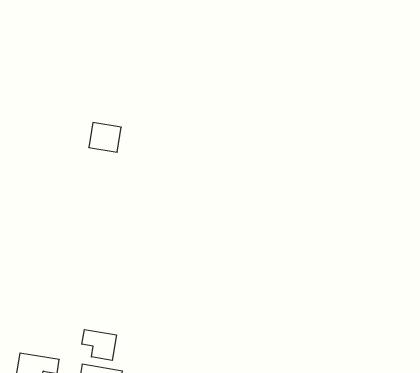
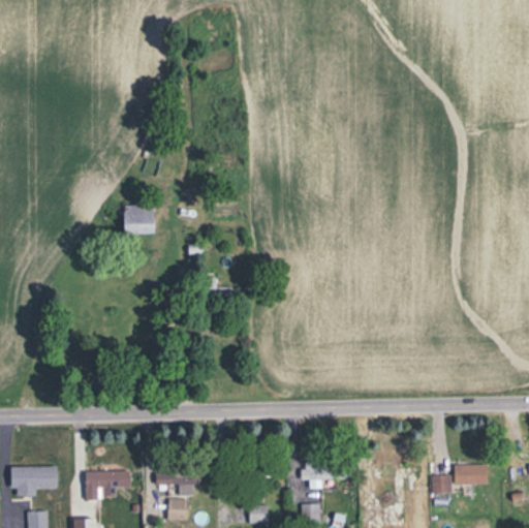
building: [82,330,116,360] -> none

